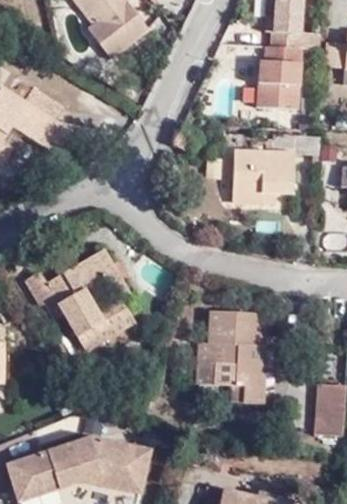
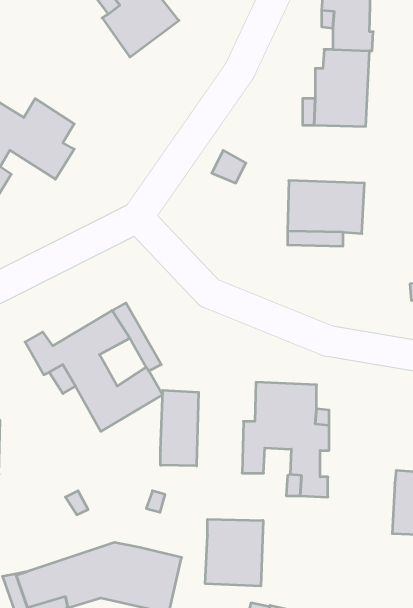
building: none -> [161,390,199,466]
building: none -> [205,519,263,586]

